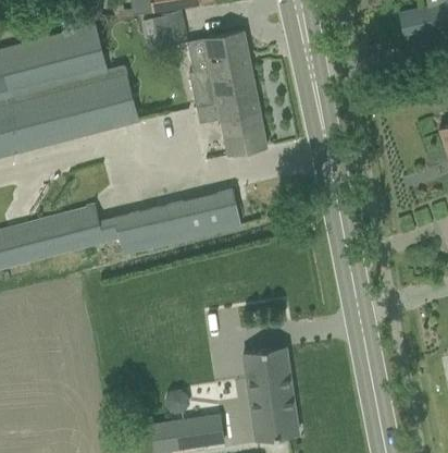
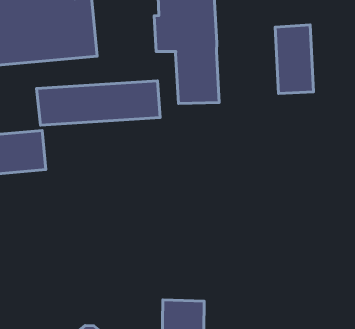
building: none -> [275,25,314,93]
building: [114,191,241,254] -> [37,81,160,125]

